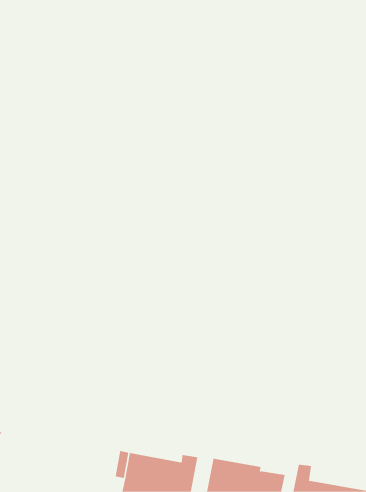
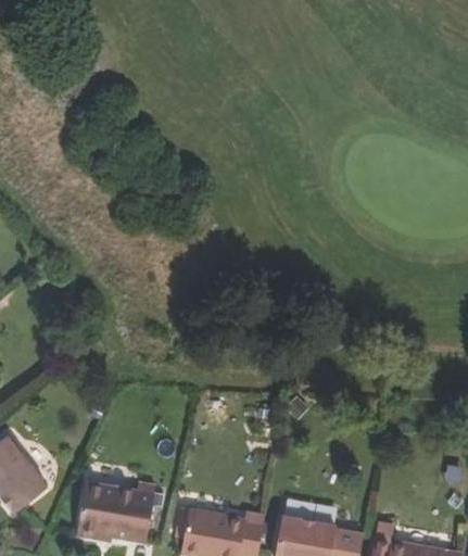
building: none -> [80,482,156,542]

